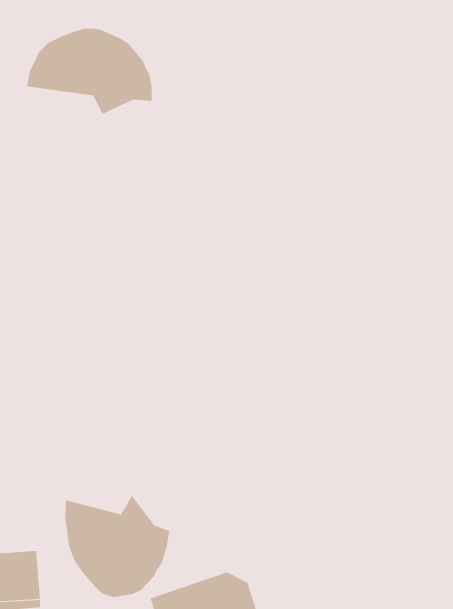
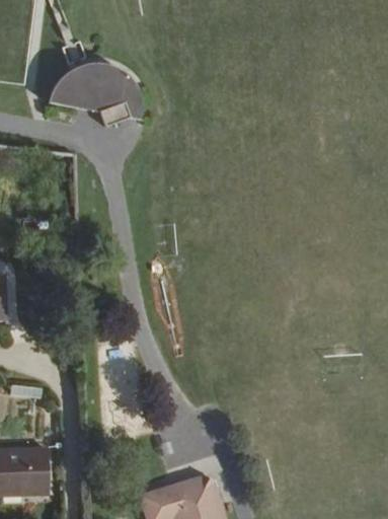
building: [65,495,170,598] -> none

